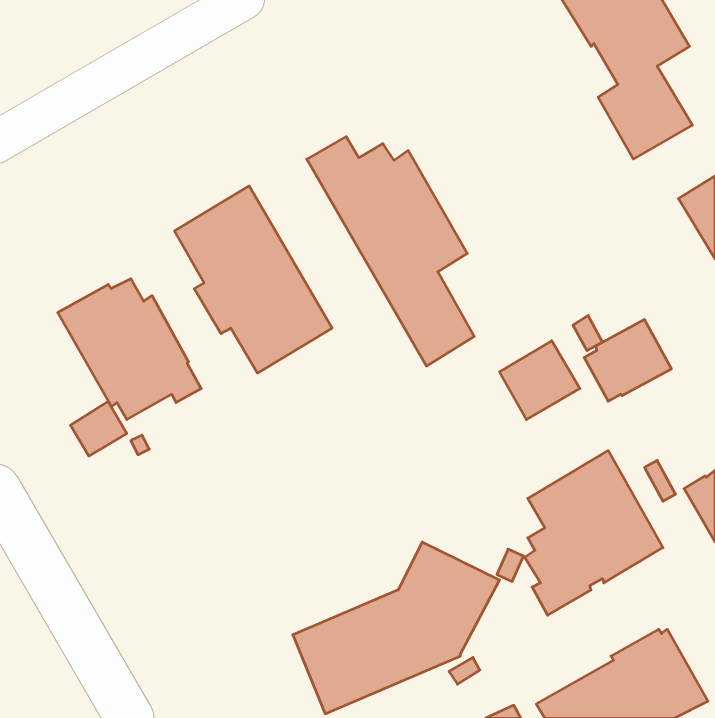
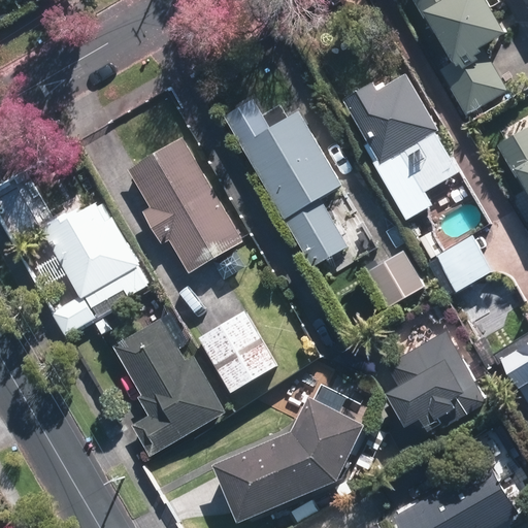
building: none -> [343,74,458,220]
building: none -> [199,310,276,391]
building: none -> [112,317,227,456]

